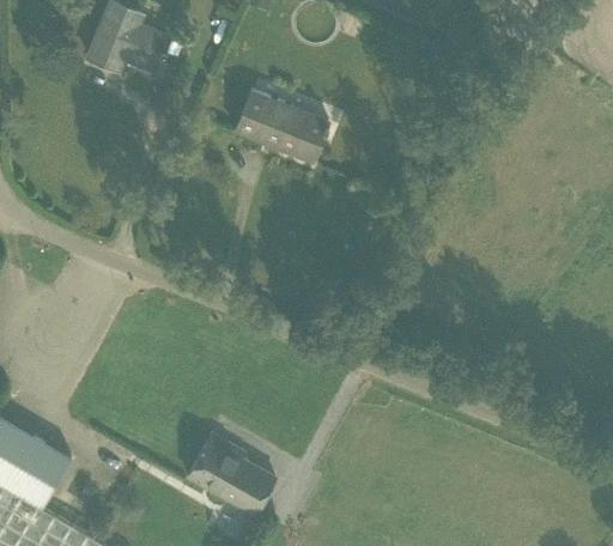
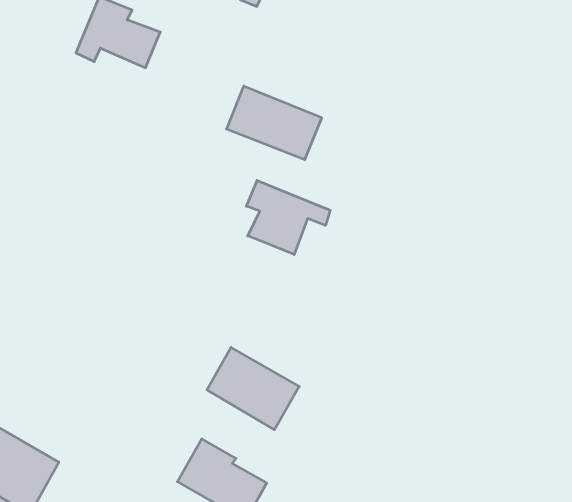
building: none -> [246,180,330,255]
building: none -> [207,347,299,430]

